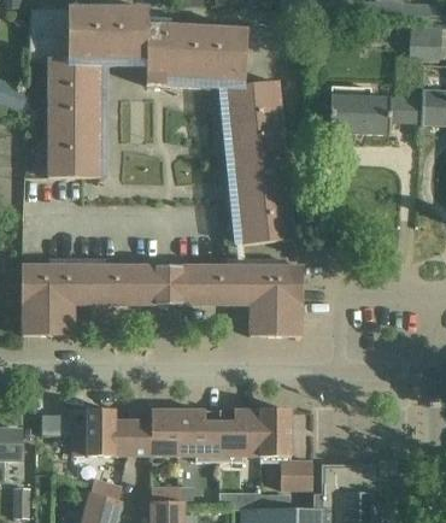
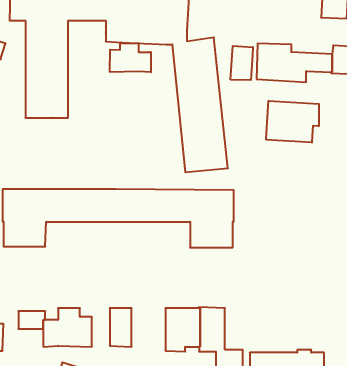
building: none -> [110,43,151,72]
building: none -> [231,46,253,80]
building: none -> [266,101,319,143]
building: [177,409,218,460] -> none
building: [129,419,151,456] -> none

